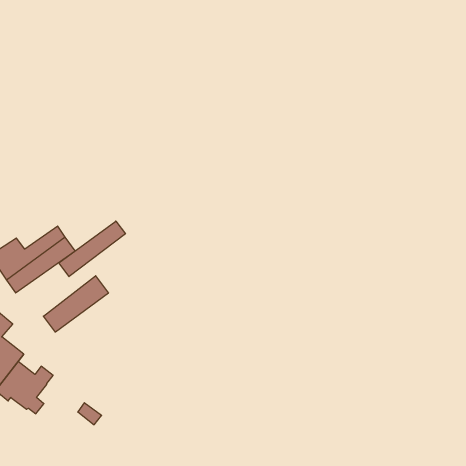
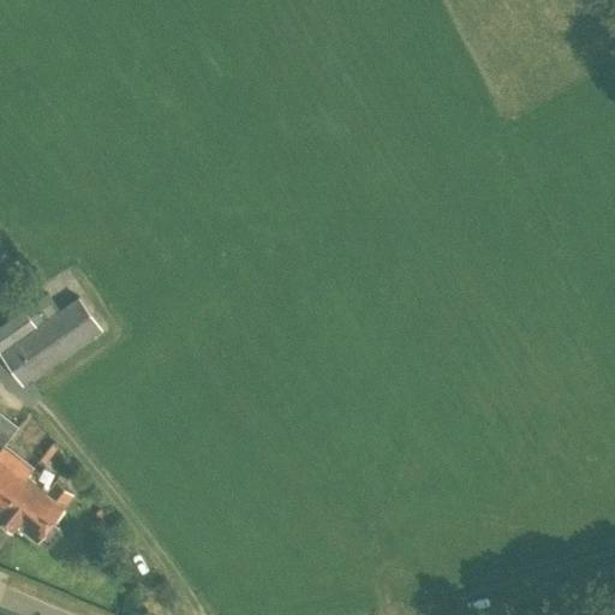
building: [59,221,125,277] -> none
building: [43,276,108,332] -> none

